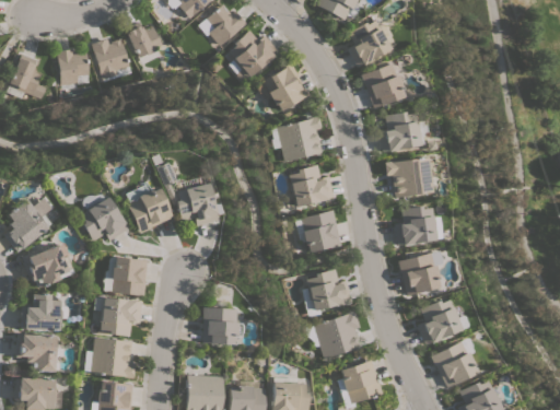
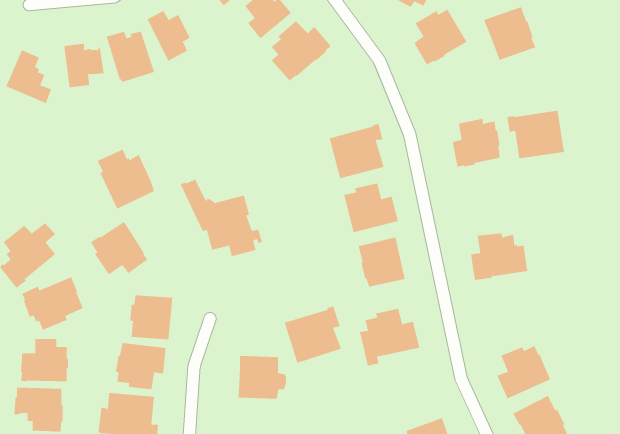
building: [265,63,310,110] -> none
building: [362,63,406,108] -> [483,7,536,61]
building: [385,157,433,198] -> [507,110,565,159]
building: [125,184,173,234] -> [97,149,155,210]
building: [398,251,441,295] -> none
building: [314,311,362,359] -> [284,305,342,363]

